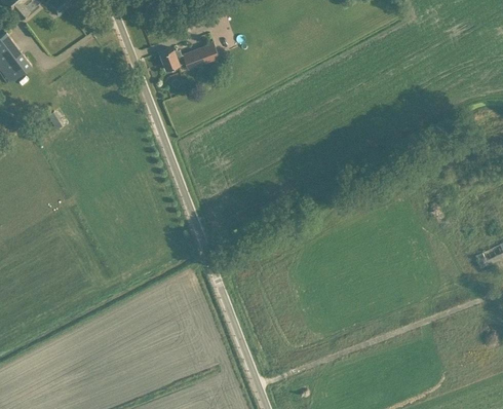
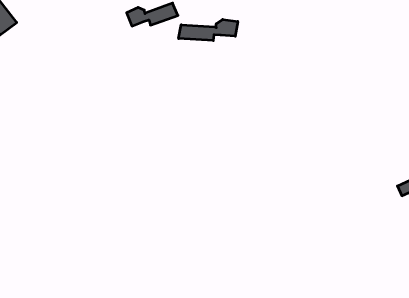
building: none -> [179,19,238,41]

